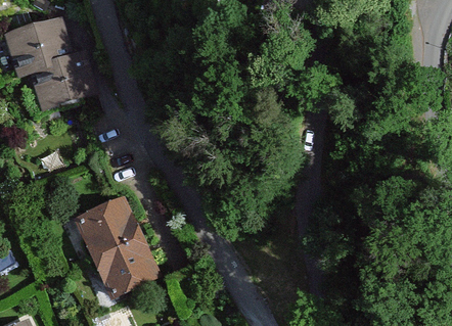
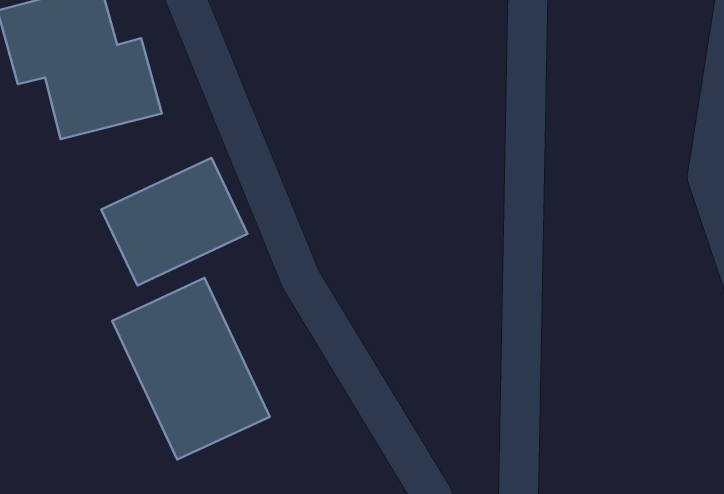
building: none -> [101,158,247,285]

